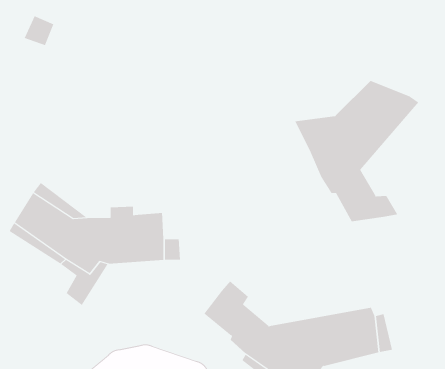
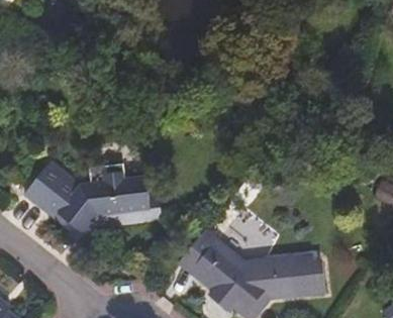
building: [294,80,419,222] -> none

